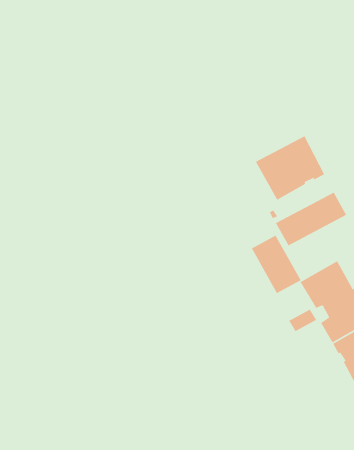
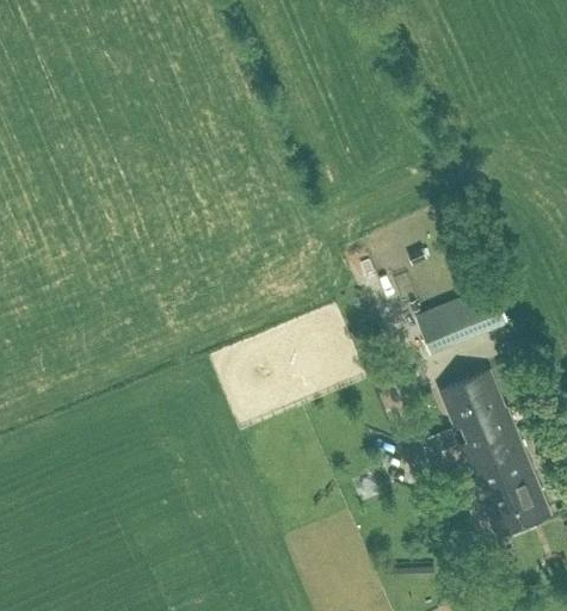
building: [255,135,325,201] -> none
building: [251,234,302,294] -> none

